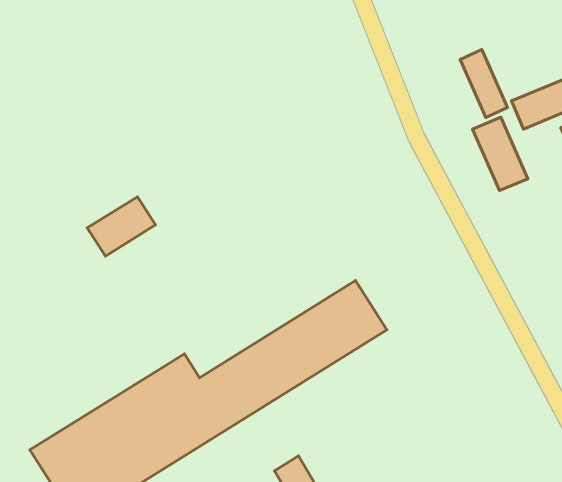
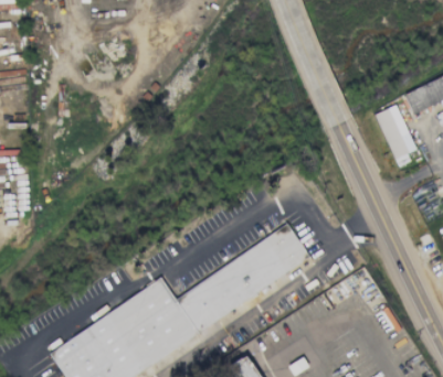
building: [460,49,507,117] -> none
building: [87,197,156,256] -> none

